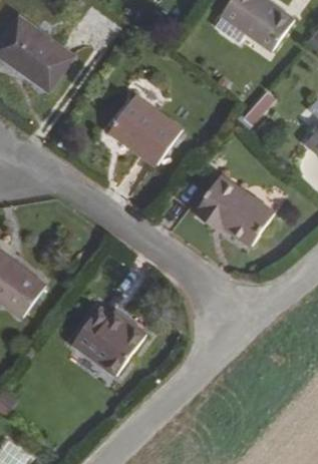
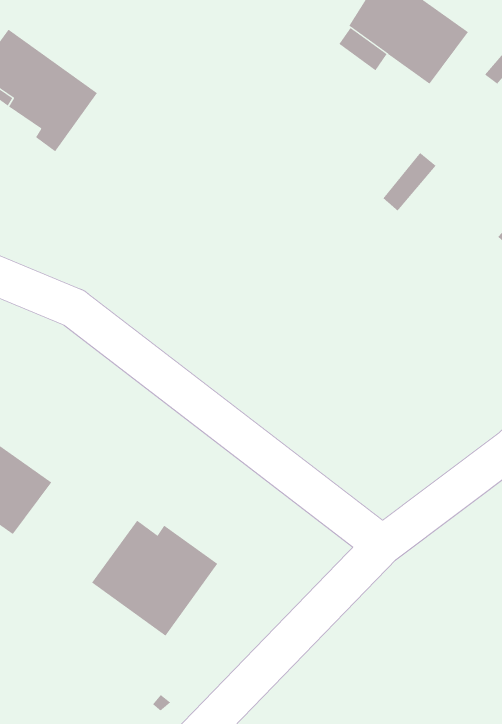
building: [109,96,182,164] -> none
building: [195,174,274,246] -> none

